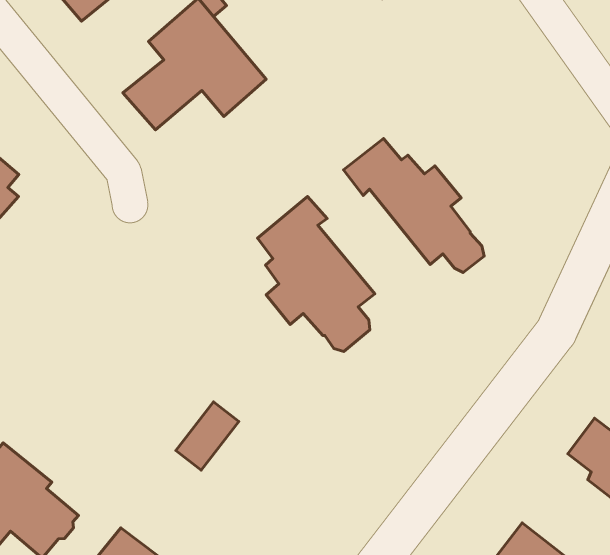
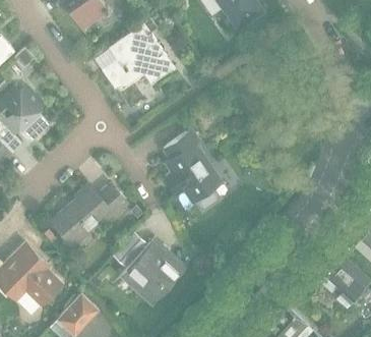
building: [344,139,484,272] -> none
building: none -> [51,183,127,241]
building: none -> [119,238,186,305]

